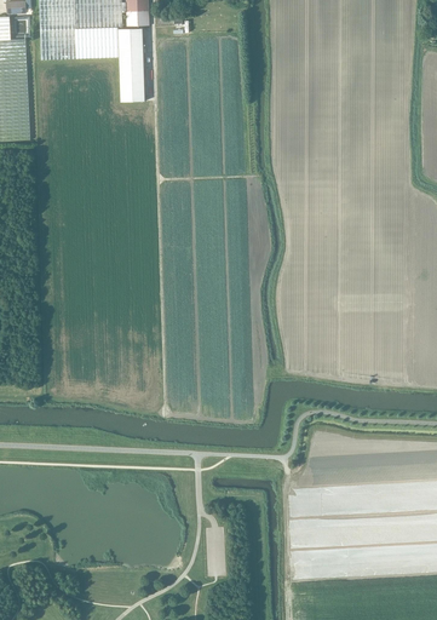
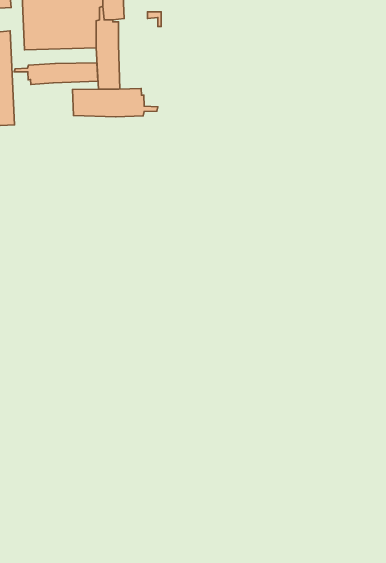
building: none -> [14,63,98,84]
building: none -> [73,88,158,117]

